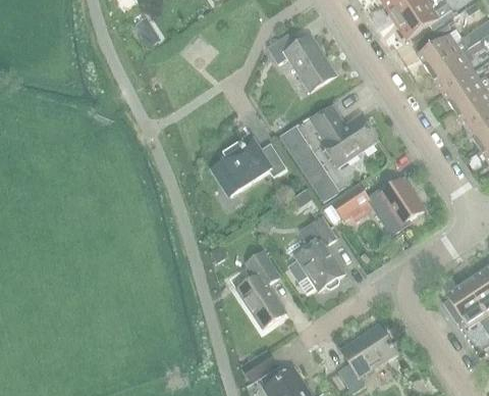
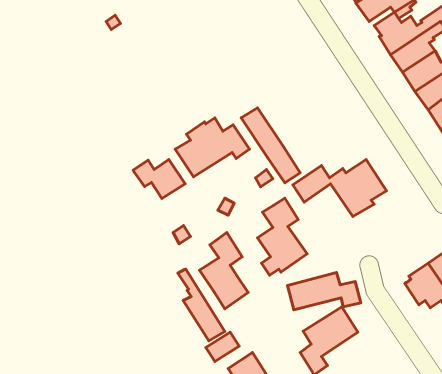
building: [268,33,336,90] -> none
building: [311,103,378,165] -> none
building: none -> [133,160,185,199]
building: none -> [178,269,225,341]
building: none -> [287,272,361,310]

